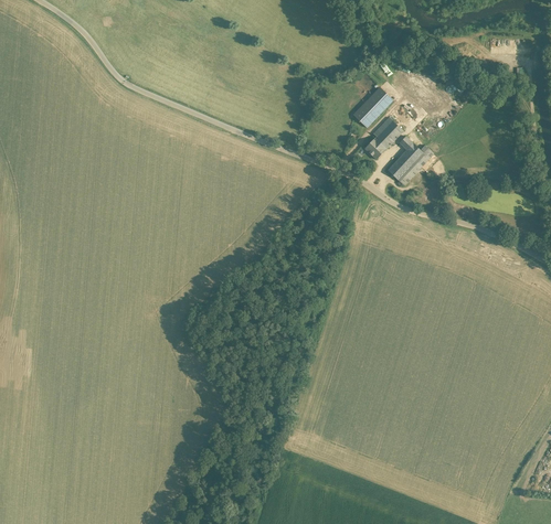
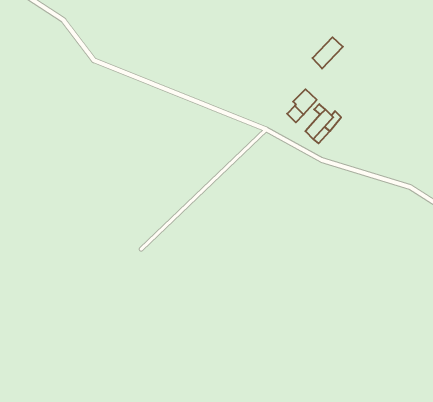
building: [353,88,392,128] -> [312,37,343,69]

